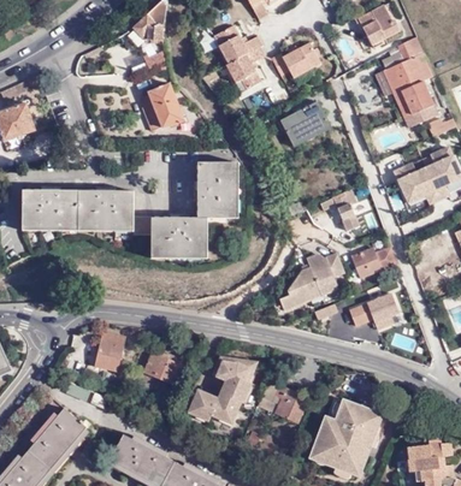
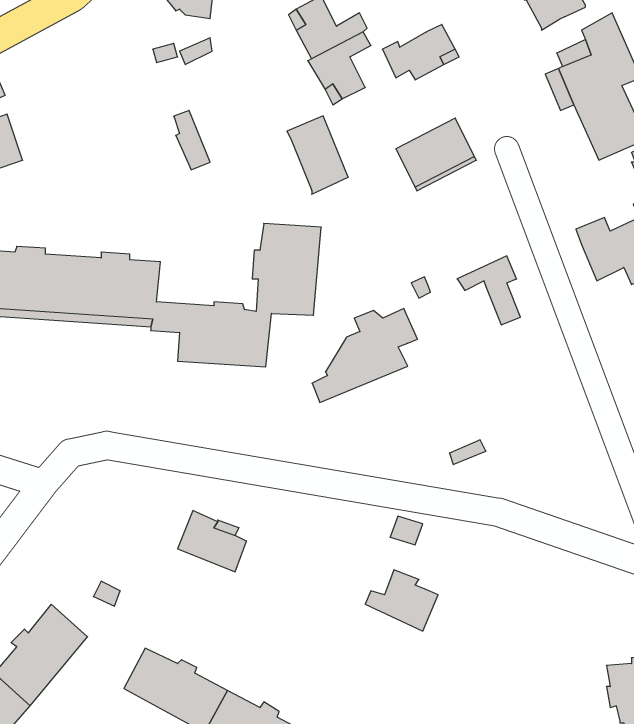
building: [148,82,187,131] -> [287,116,348,194]
building: [350,245,397,278] -> none
building: [279,253,345,312] -> [312,309,417,402]
building: [348,292,398,330] -> none
building: [94,331,125,372] -> none
building: [188,356,258,423] -> none
building: [313,401,380,472] -> none

